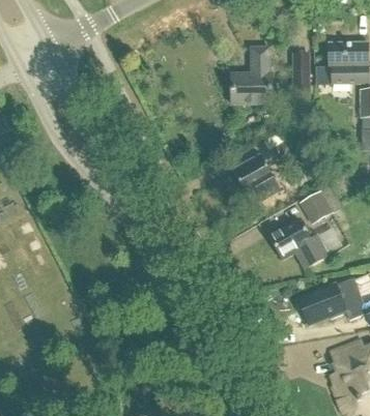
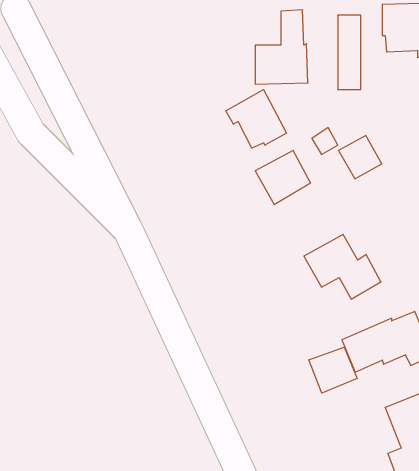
building: none -> [226,90,287,148]
building: [298,191,332,225] -> [339,136,382,179]
building: none -> [309,347,357,393]

